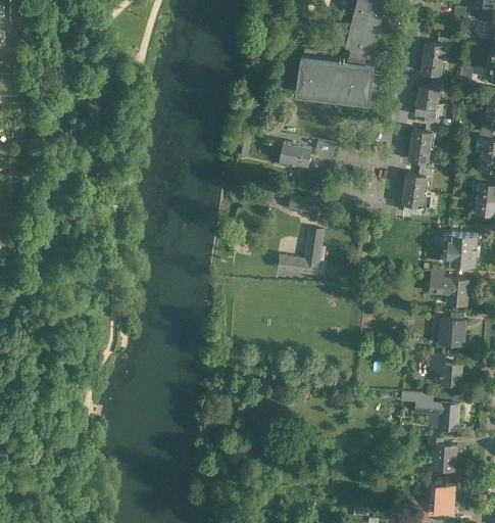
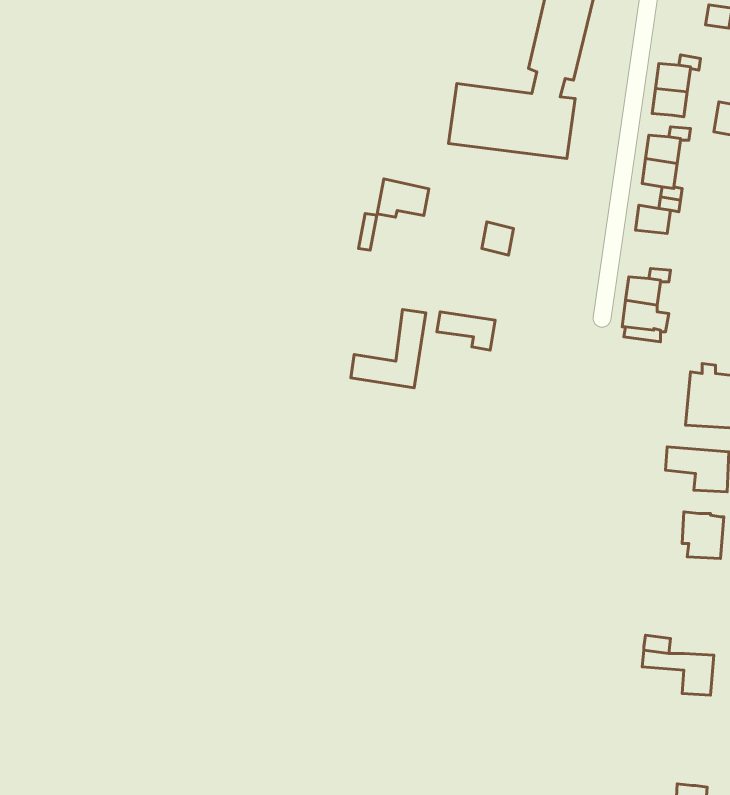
building: [280,142,311,165] -> [377,179,429,217]
building: [408,145,437,163] -> none
building: [278,227,324,275] -> [351,309,426,388]
building: [430,360,461,386] -> none
building: [432,443,455,472] -> none

